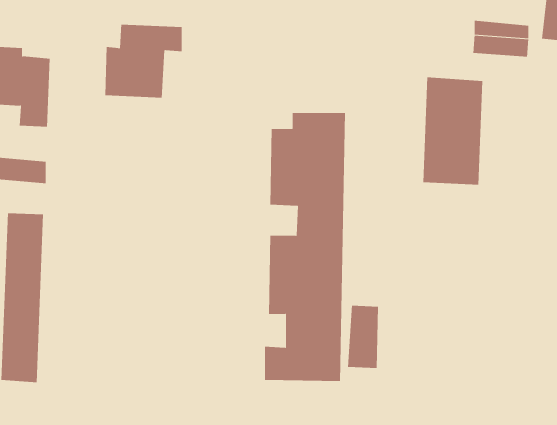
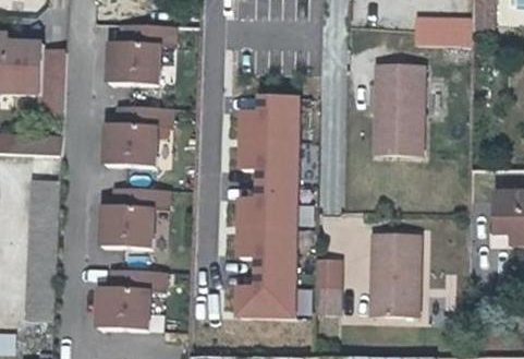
building: none -> [105,104,169,165]
building: none -> [100,186,166,247]
building: none -> [365,232,415,313]
building: none -> [97,267,162,328]

